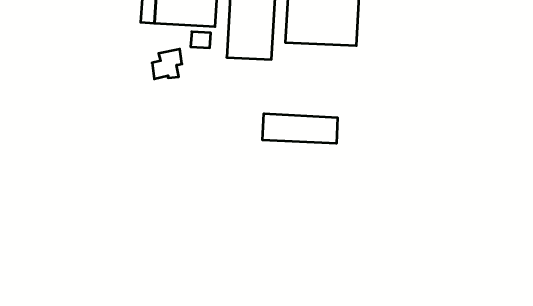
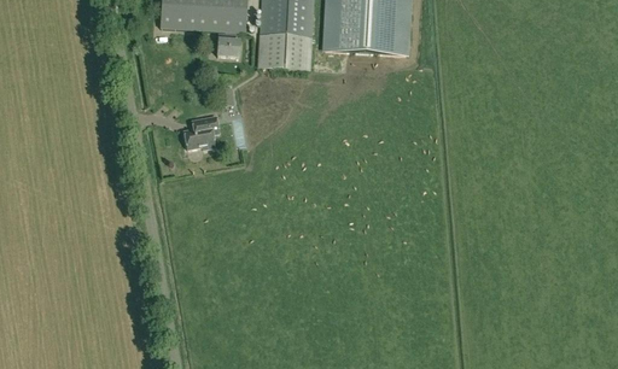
building: [152,49,182,79] -> [185,115,218,148]
building: [263,114,337,143] -> none

